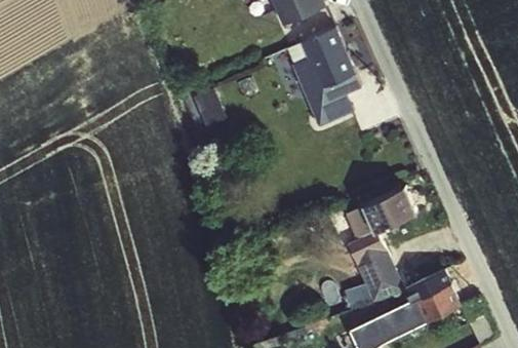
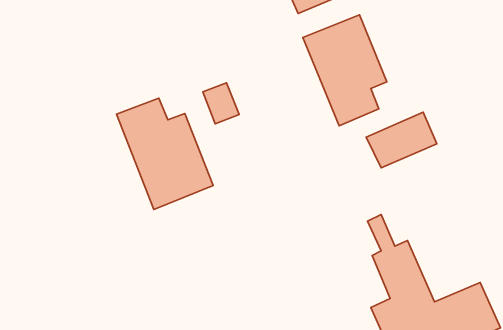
building: none -> [116,98,213,210]
building: [356,185,420,235] -> [366,112,437,168]

